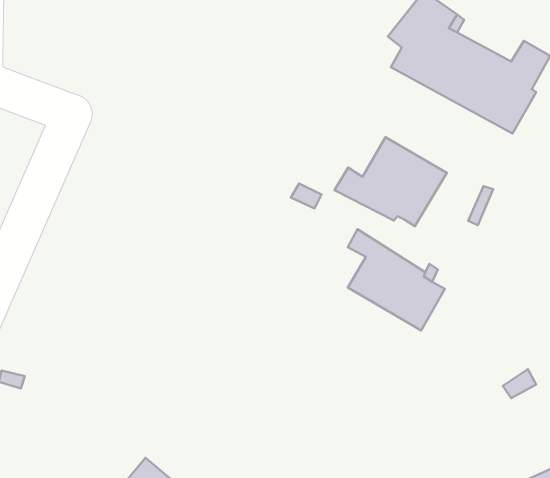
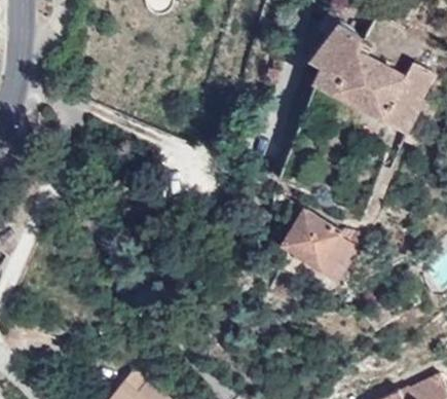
building: [334,137,447,226] -> none

